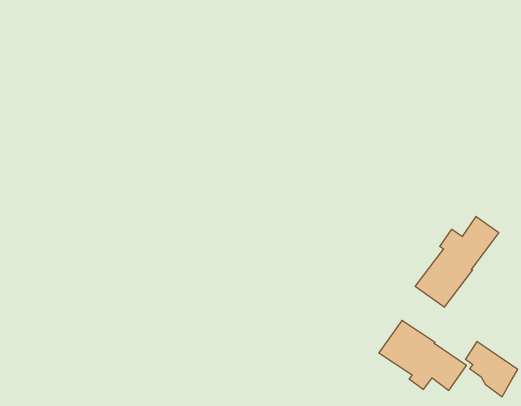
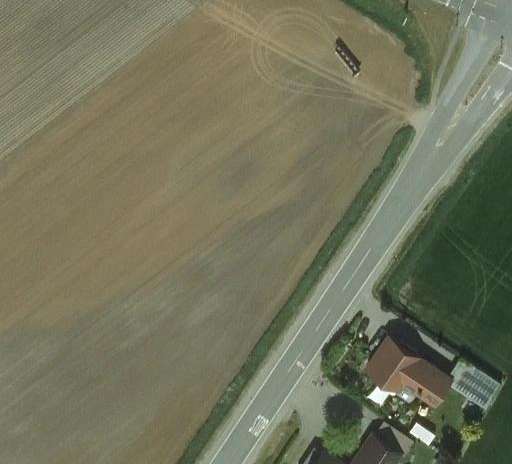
building: [415,216,499,307] -> none

